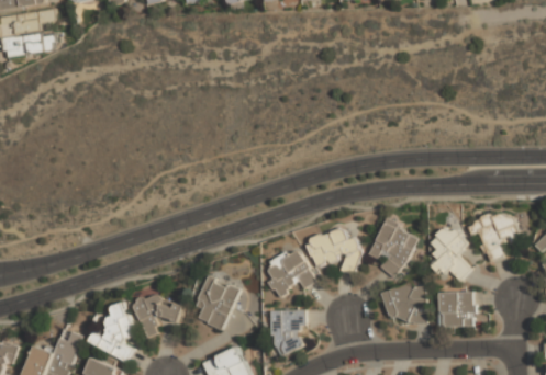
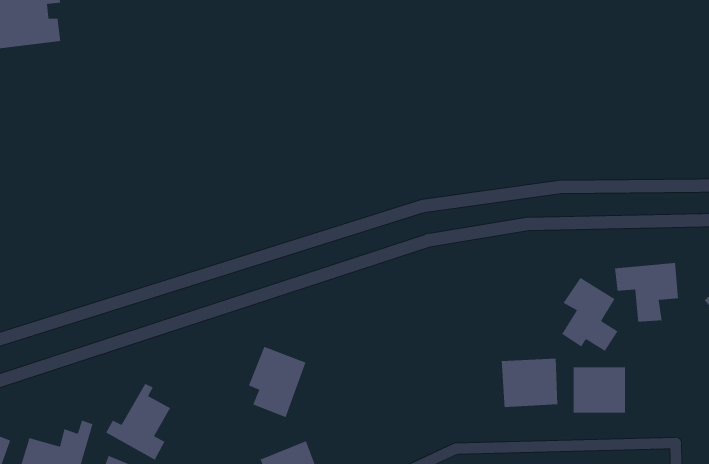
building: [369,219,417,277] -> none
building: [307,227,361,274] -> none
building: [263,247,316,295] -> none
building: [133,293,181,337] -> none
building: [271,309,304,352] -> none

